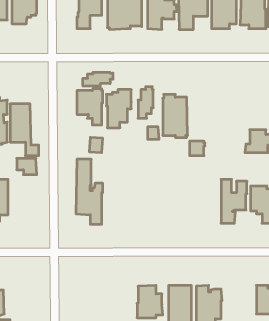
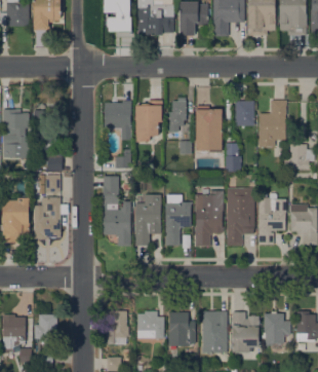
building: [83,72,113,86] -> none
building: none -> [259,100,286,147]
building: none -> [235,101,254,126]
building: none -> [227,188,254,246]
building: none -> [195,191,223,246]
building: none -> [135,194,161,246]
building: none -> [165,194,191,246]
building: none -> [34,197,61,239]
building: none -> [106,310,129,344]
building: none -> [137,311,164,338]
building: none -> [264,311,290,345]
building: none -> [34,314,56,344]

